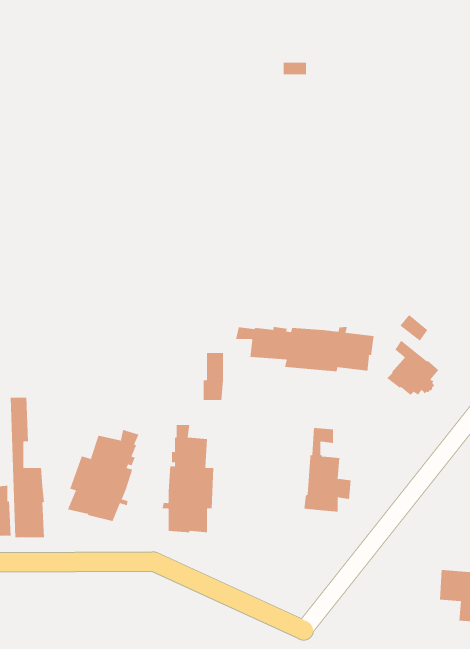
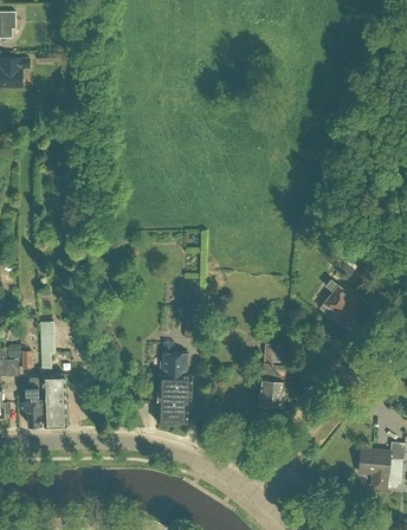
building: [235,326,374,372] -> none
building: [67,429,139,522] -> none

